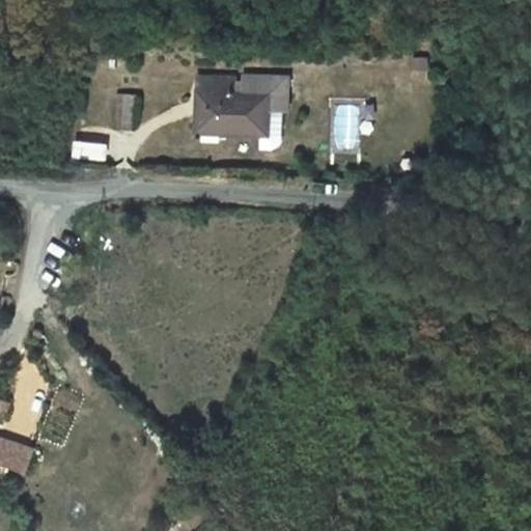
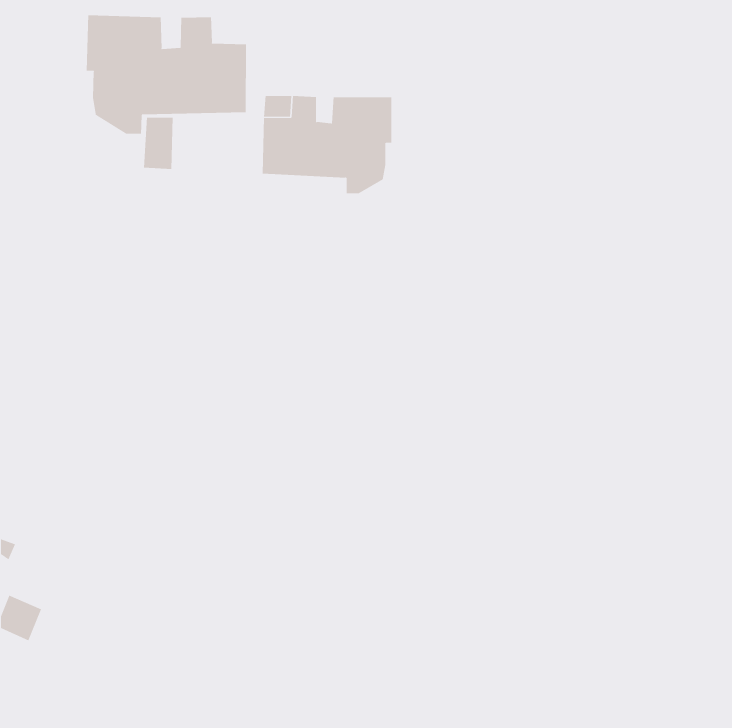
building: none -> [86,15,247,135]

